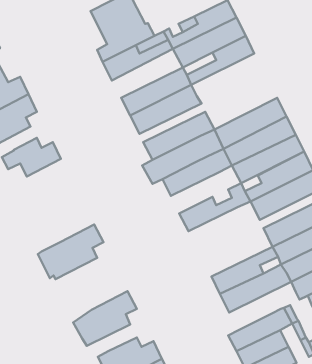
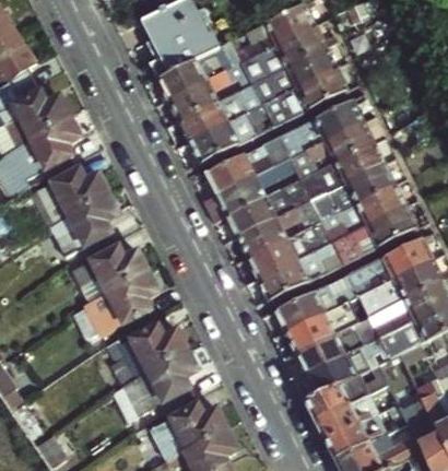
building: none -> [168,61,252,119]
building: none -> [262,67,347,126]
building: none -> [279,98,364,156]
building: none -> [55,191,119,254]
building: none -> [238,199,321,256]
building: none -> [259,242,343,299]
building: none -> [71,245,148,290]
building: none -> [275,273,358,330]
building: none -> [106,322,187,385]
building: none -> [307,337,386,393]

